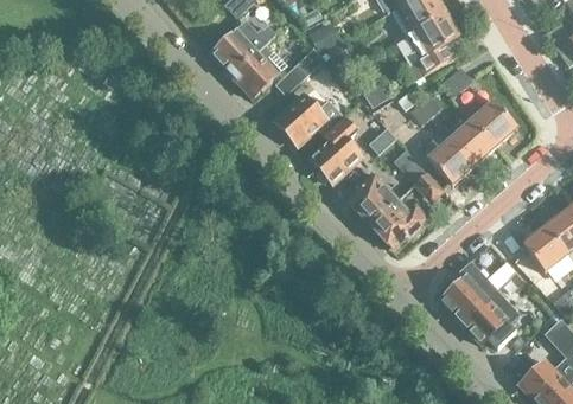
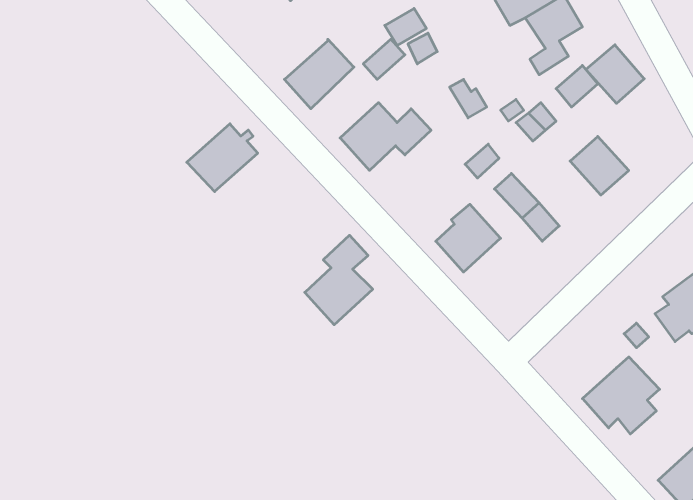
building: [210,23,265,75] -> [187,124,258,192]
building: [472,100,517,145] -> [586,45,644,103]
building: [310,114,362,182] -> [305,235,373,325]
building: [429,137,475,182] -> none
building: [369,197,429,246] -> none
building: [440,274,486,320] -> none

